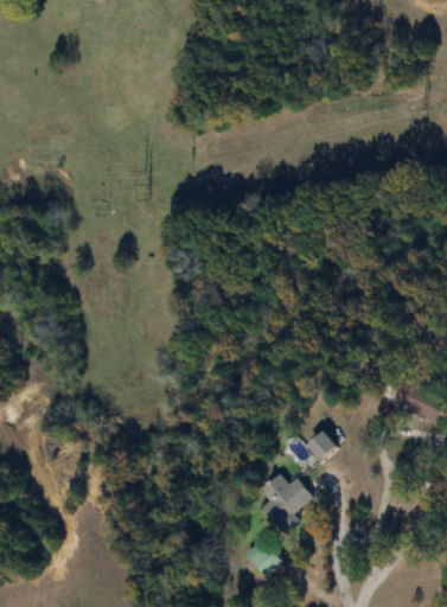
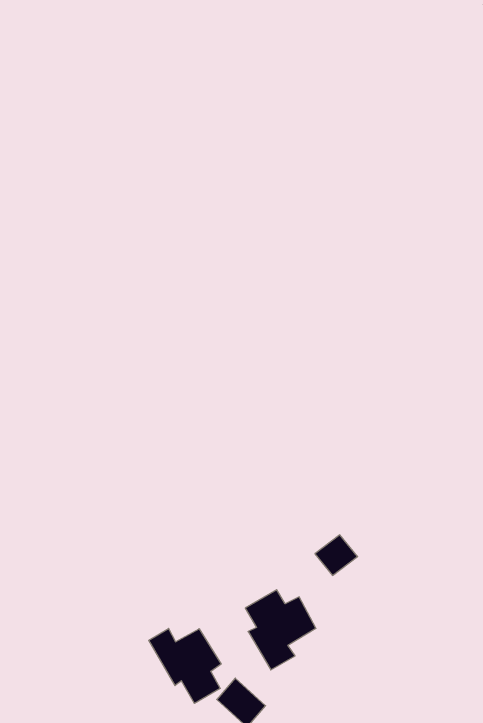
building: none -> [149,628,221,703]

